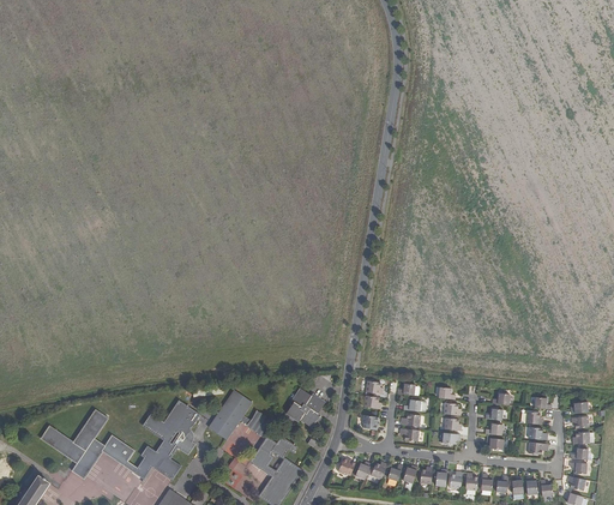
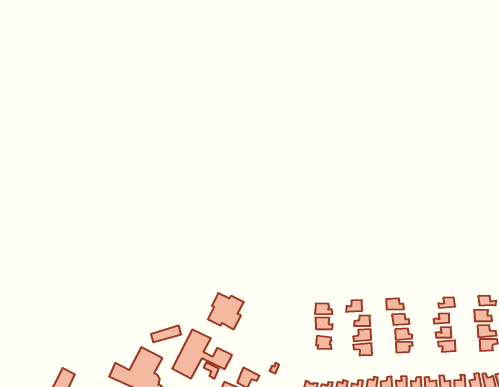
building: [285,387,325,427] -> [208,293,244,329]

